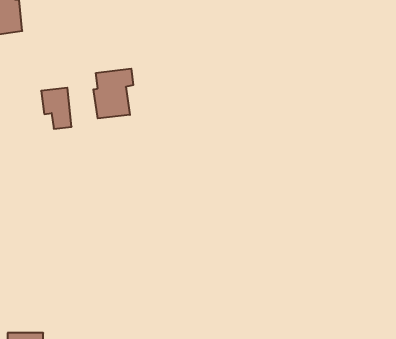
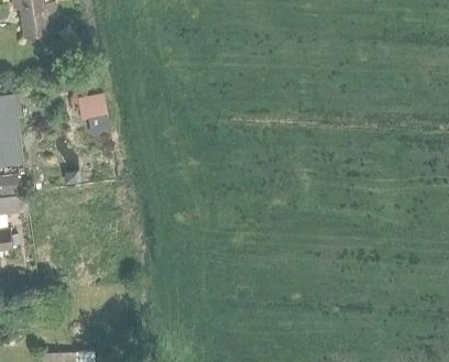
building: [93,69,133,118] -> none

